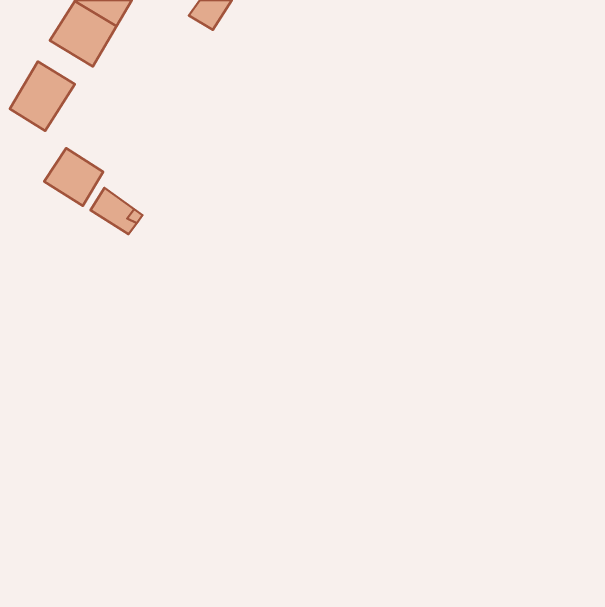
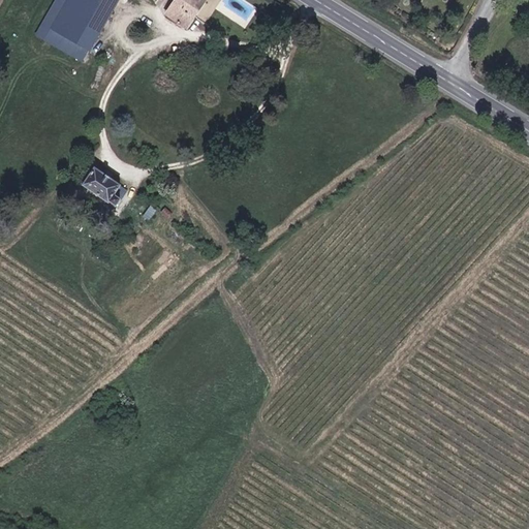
building: [10,62,75,131] -> none
building: [44,148,103,206] -> none

